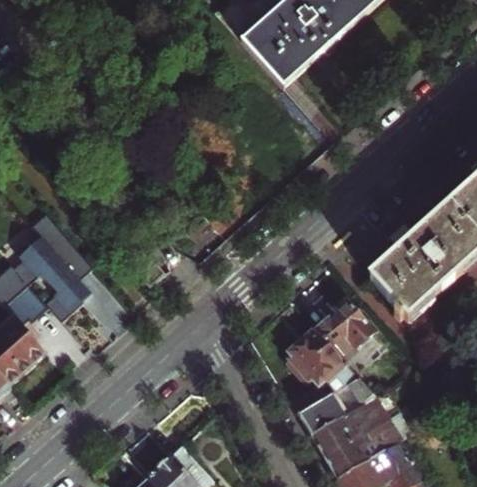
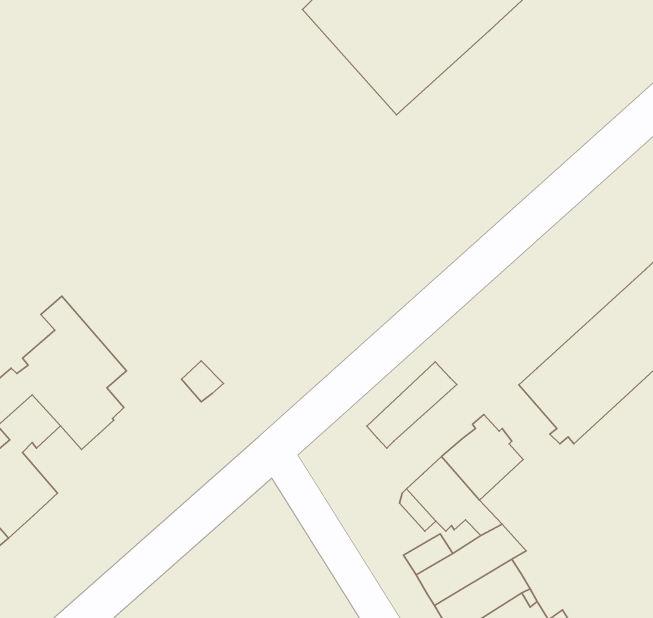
building: none -> [367,362,457,448]

